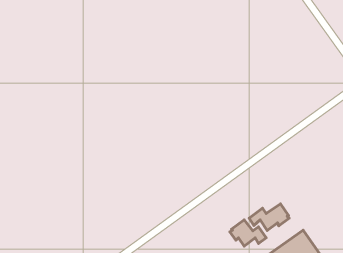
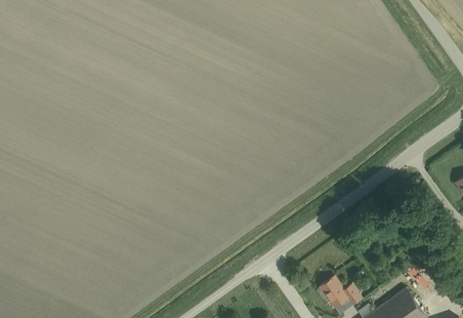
building: [249,204,289,230] -> none

